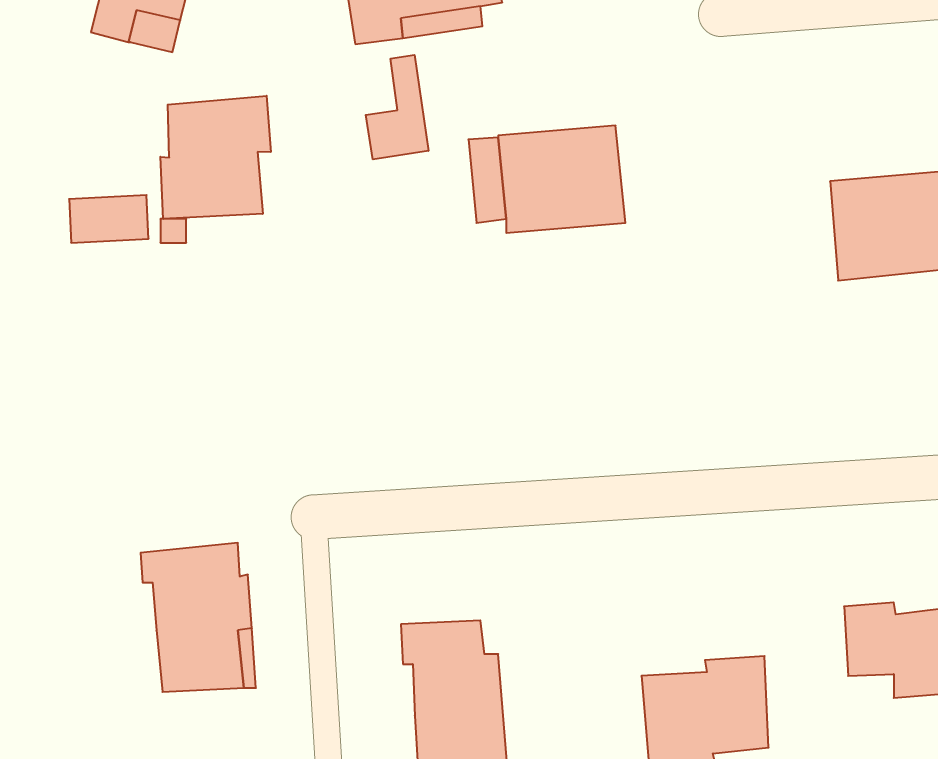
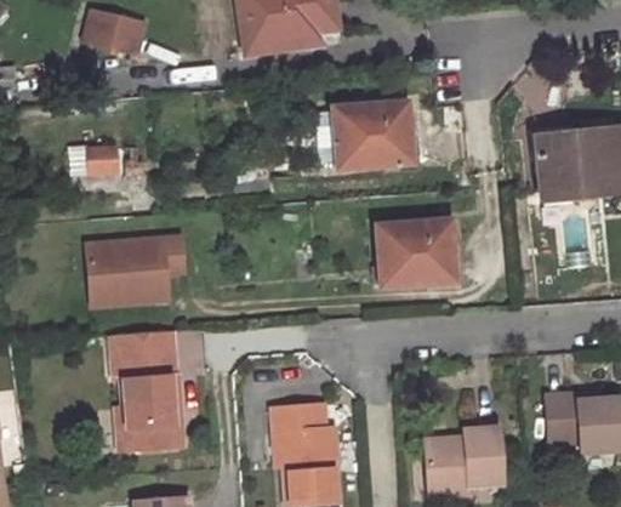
building: [366,55,428,159] -> none
building: [160,96,271,219] -> none
building: none -> [377,218,455,285]
building: none -> [87,237,183,304]
building: none -> [113,330,175,363]

